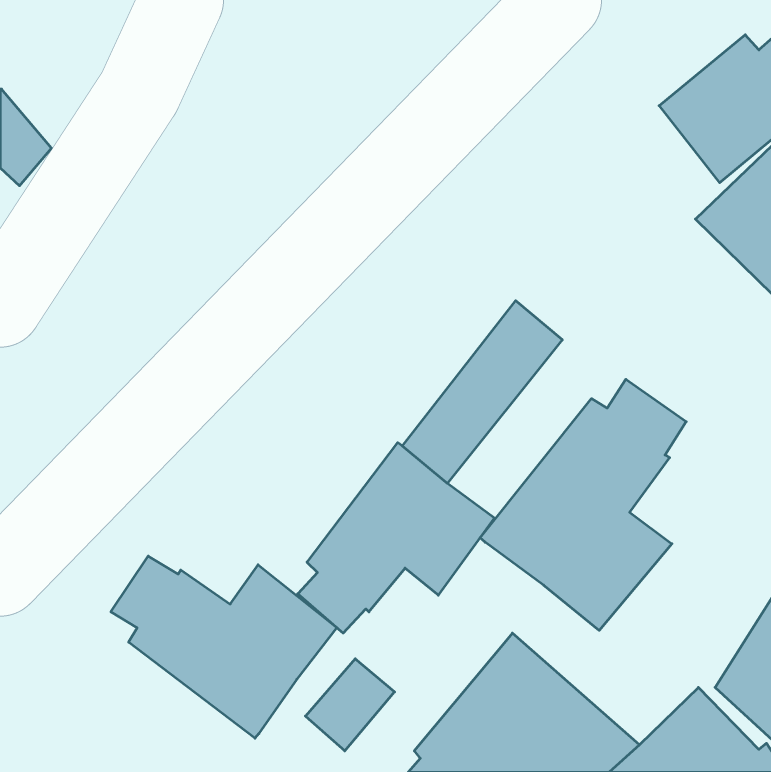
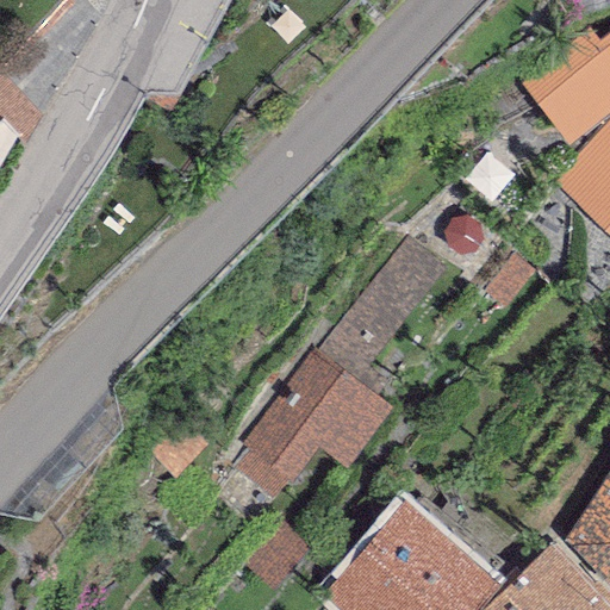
building: [480,379,686,630] -> none
building: [111,556,337,738] -> none

